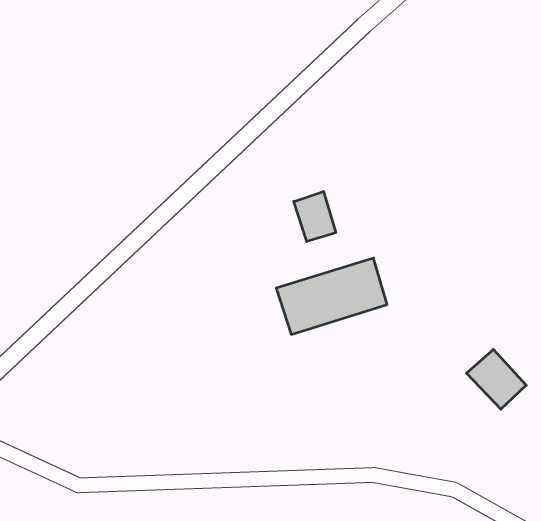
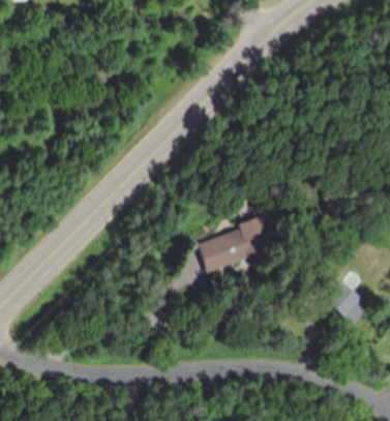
building: [294,191,336,242] -> none

